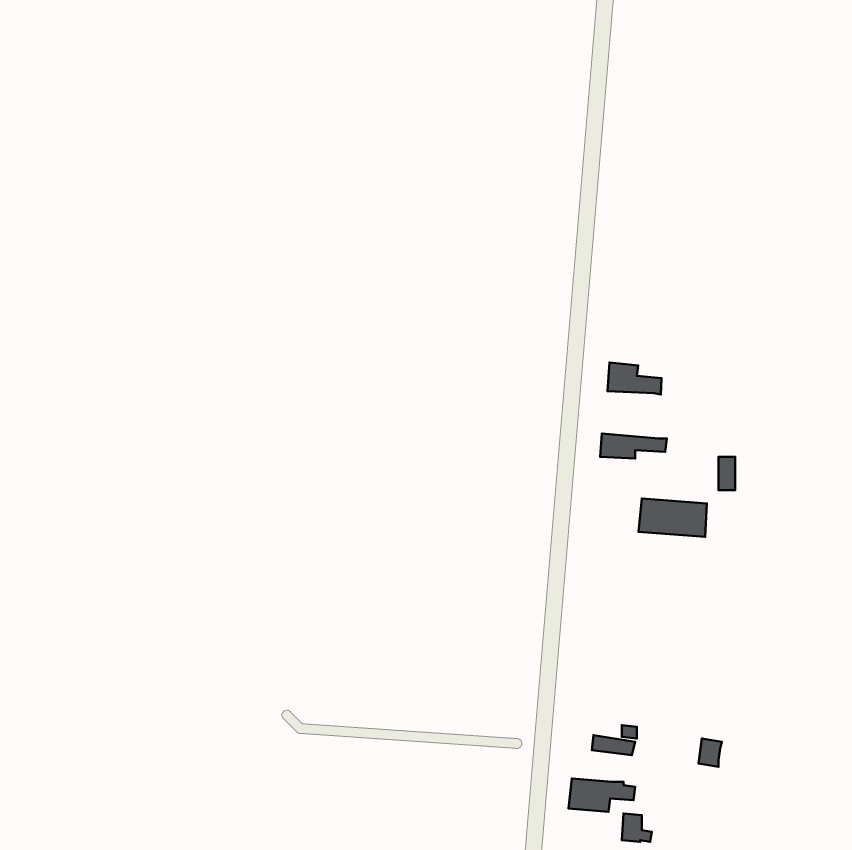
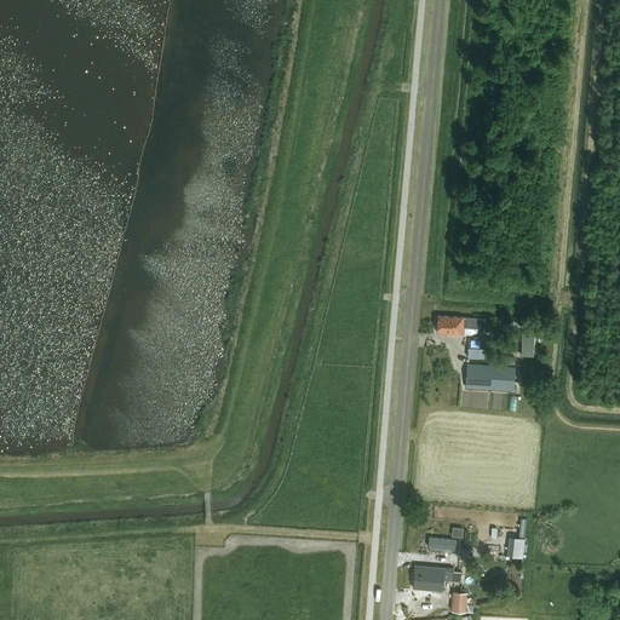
building: [608,363,661,394] -> none

